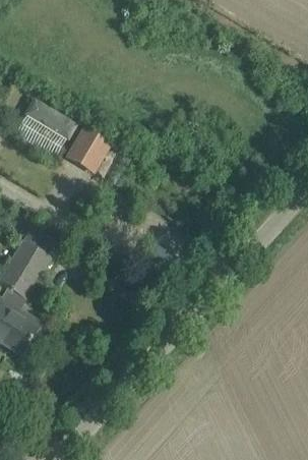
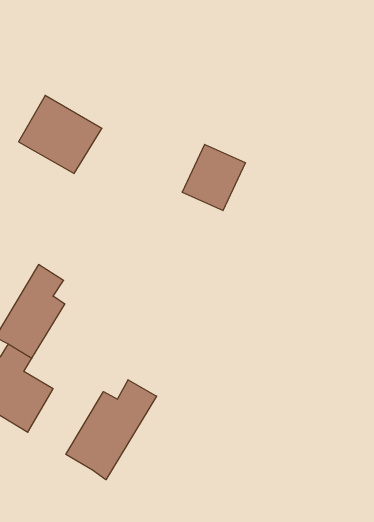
building: [66,121,115,172] -> [182,144,246,211]
building: none -> [66,380,157,480]

